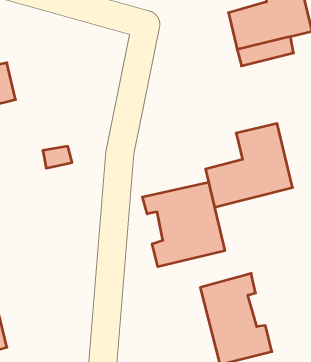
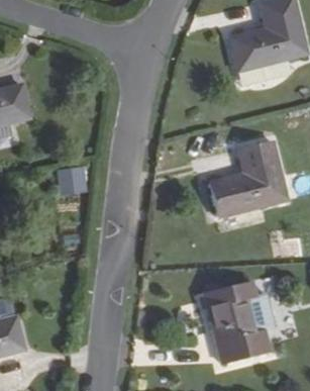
building: [142,182,225,267] -> none

